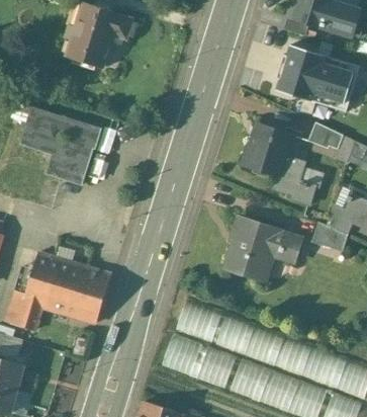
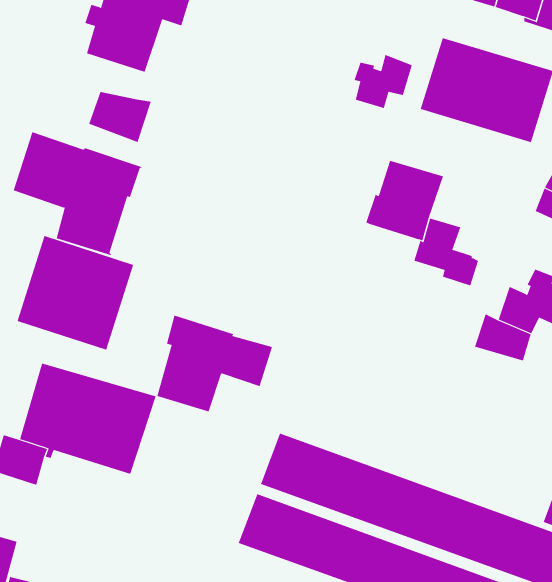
building: none -> [354,54,413,109]
building: none -> [88,91,151,143]
building: [306,121,342,149] -> none
building: none -> [17,235,134,351]
building: [226,217,300,278] -> [156,315,273,412]

